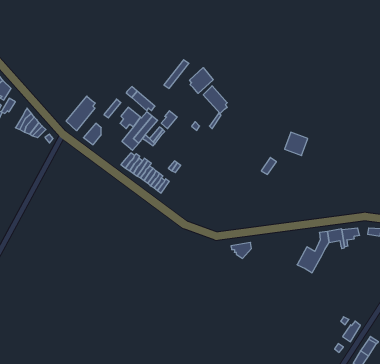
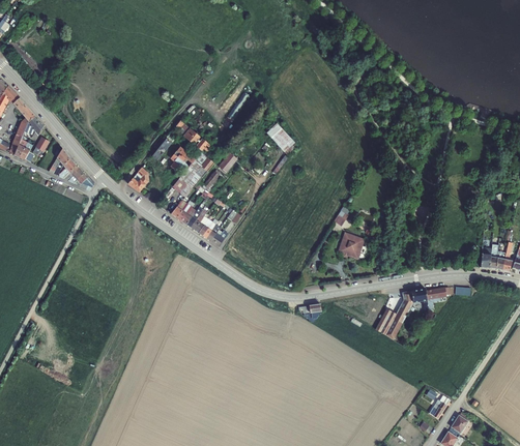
building: [190,68,213,93] -> none
building: [66,96,95,131] -> none
building: [285,132,308,156] -> [337,232,364,259]

